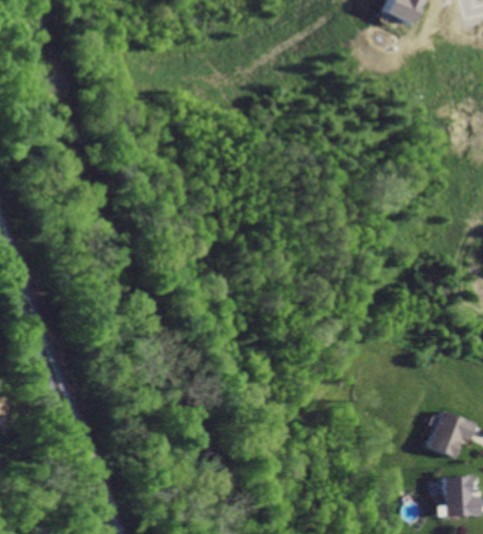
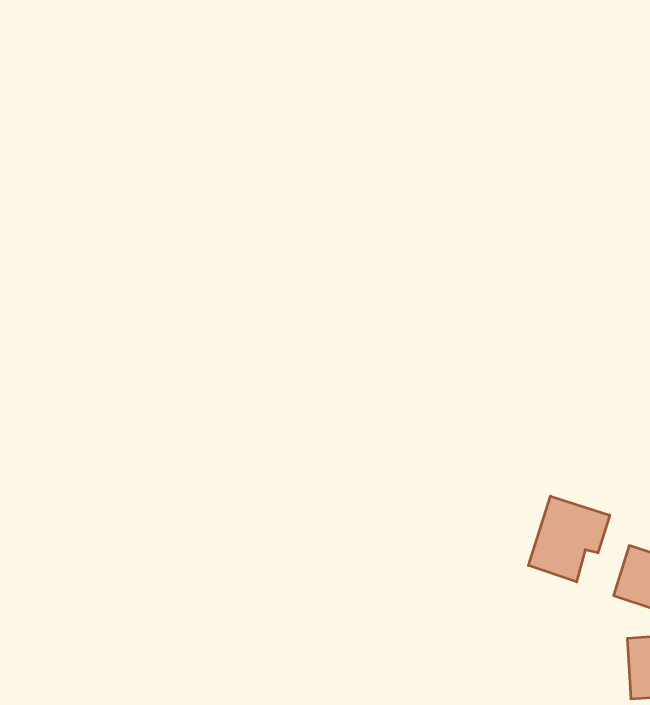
building: none -> [528,496,610,582]

